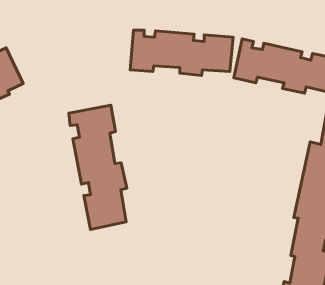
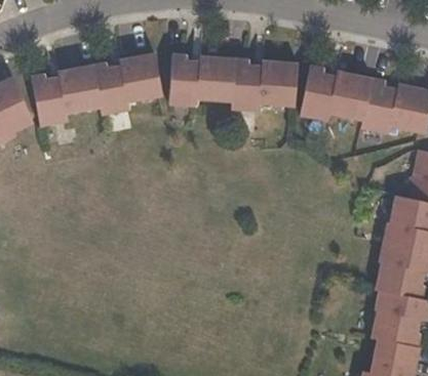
building: none -> [30,52,163,125]
building: [69,105,127,229] -> none

